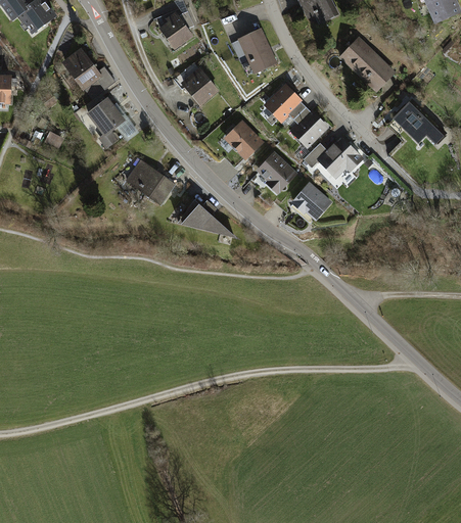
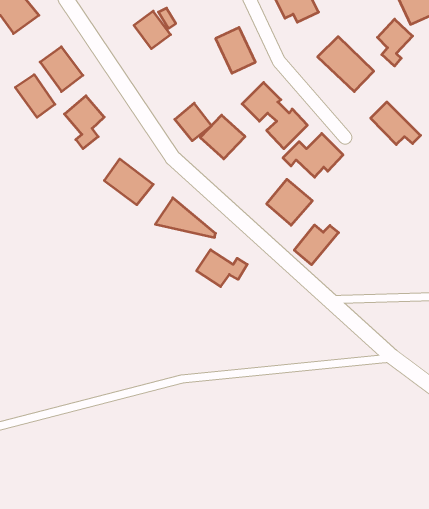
building: none -> [377,19,413,66]
building: [181,67,218,105] -> [175,103,212,141]
building: none -> [15,75,55,117]
building: [256,148,299,195] -> none
building: none -> [294,225,339,265]
building: none -> [197,250,247,287]

